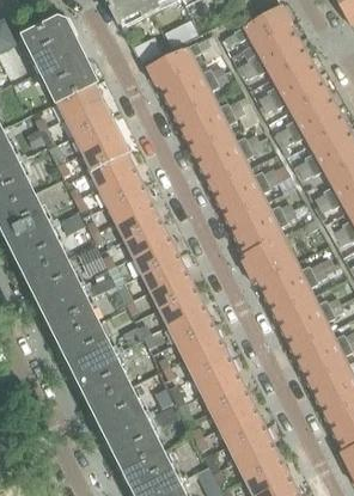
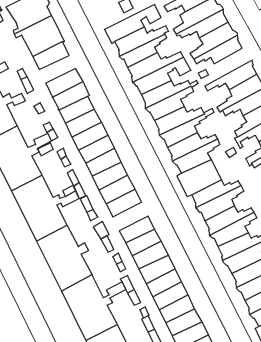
building: [271,90,336,139] -> none
building: [62,99,109,135] -> none
building: [157,288,202,325] -> none

